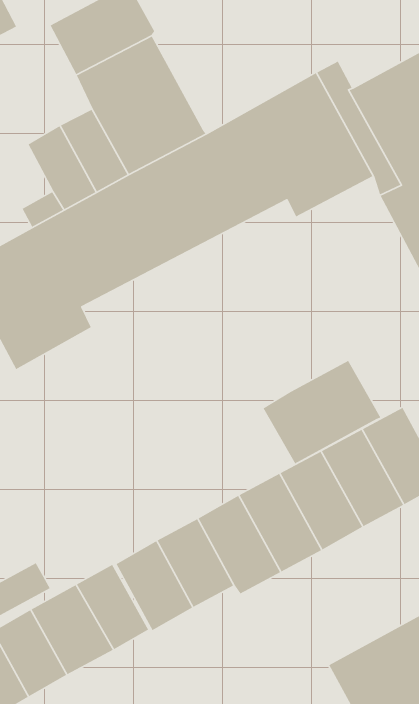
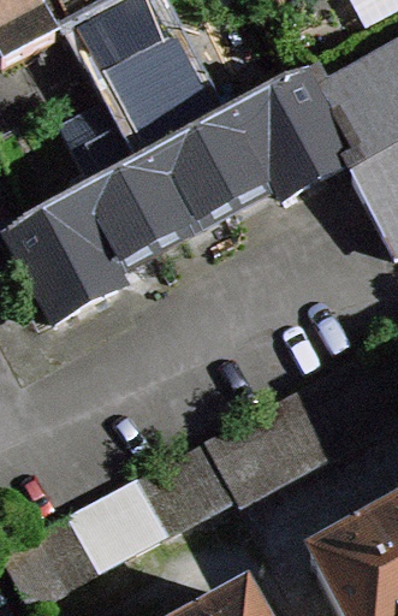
building: [262,360,381,465] -> none

